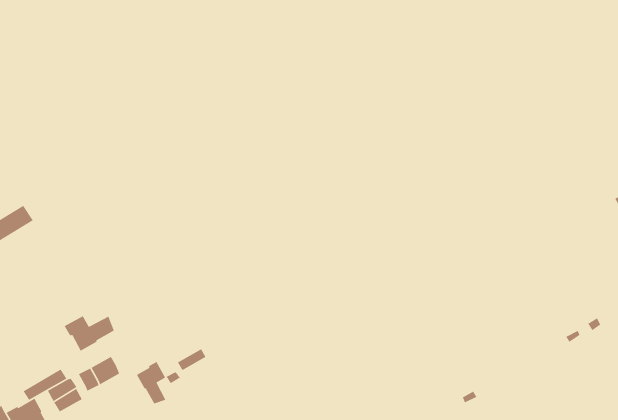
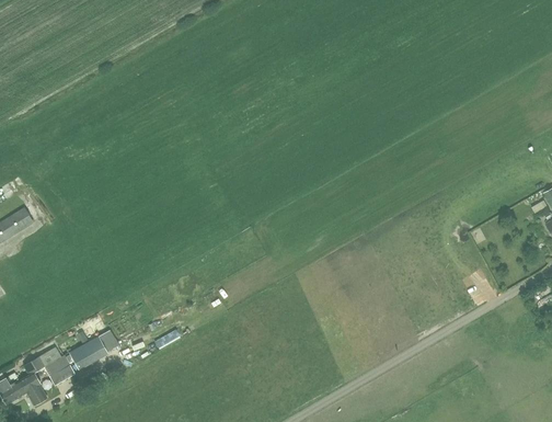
building: [64,315,115,351] -> none
building: [136,361,167,405] -> none

